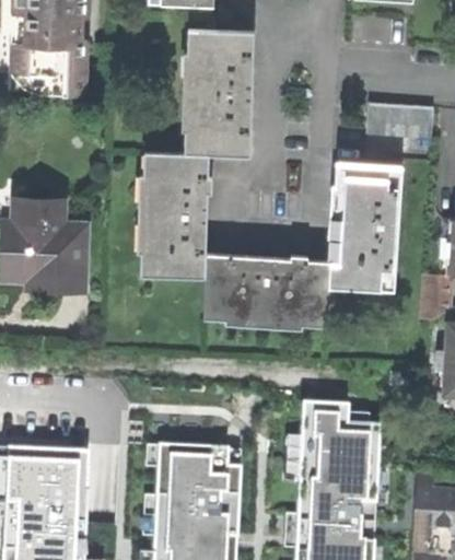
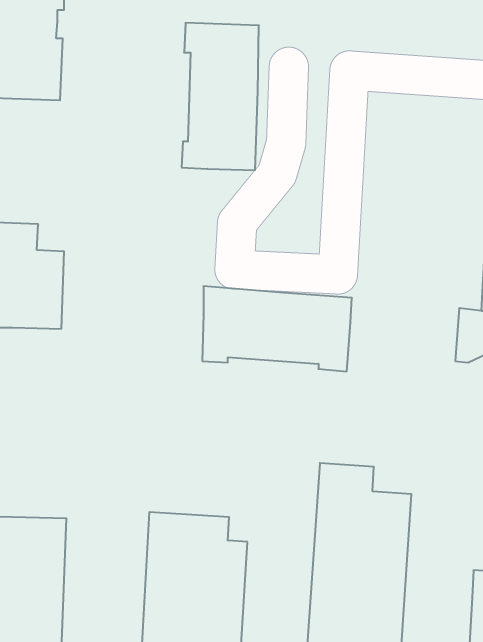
building: [365,104,433,139] -> none
building: [141,153,208,278] -> none
building: [329,164,400,289] -> none

